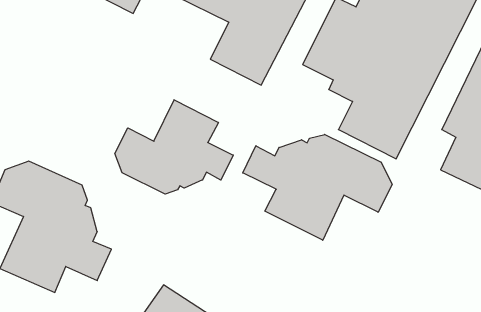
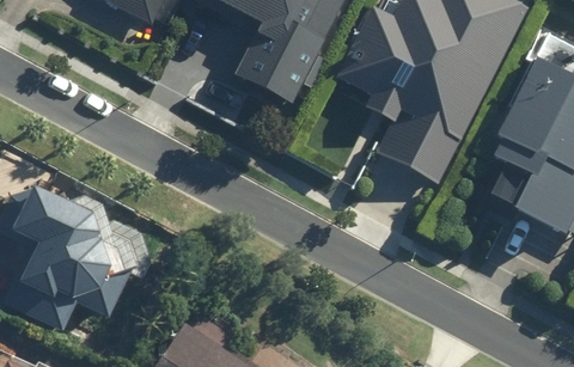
building: [115,100,233,194] -> none
building: [243,134,392,240] -> none

